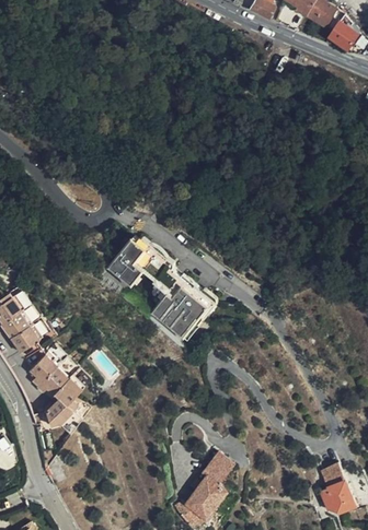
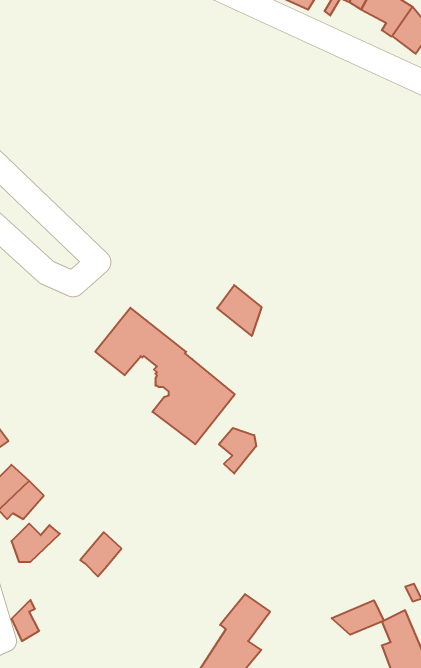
building: none -> [217,285,262,336]
building: none -> [219,428,256,474]
building: [54,374,84,407] -> [80,532,121,576]
building: none -> [332,600,384,635]

